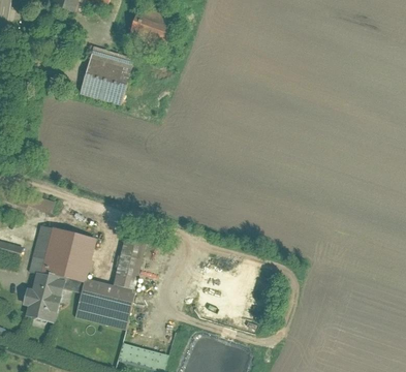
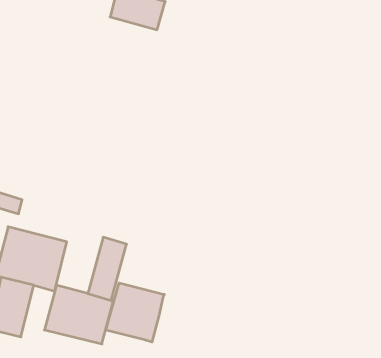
building: [82,50,131,104] -> none
building: none -> [106,283,164,342]

